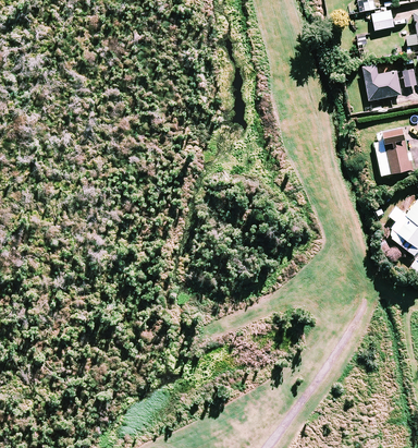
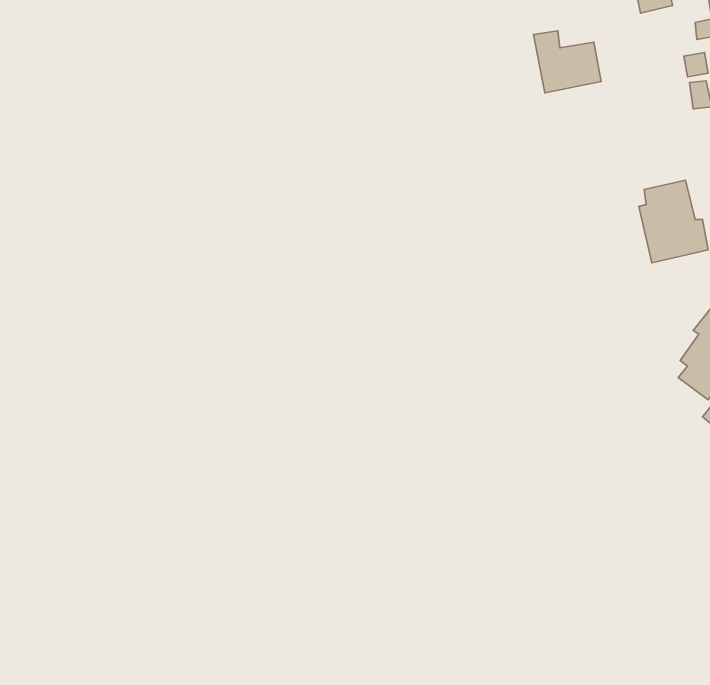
building: [362,64,402,100] -> [534,31,601,93]

